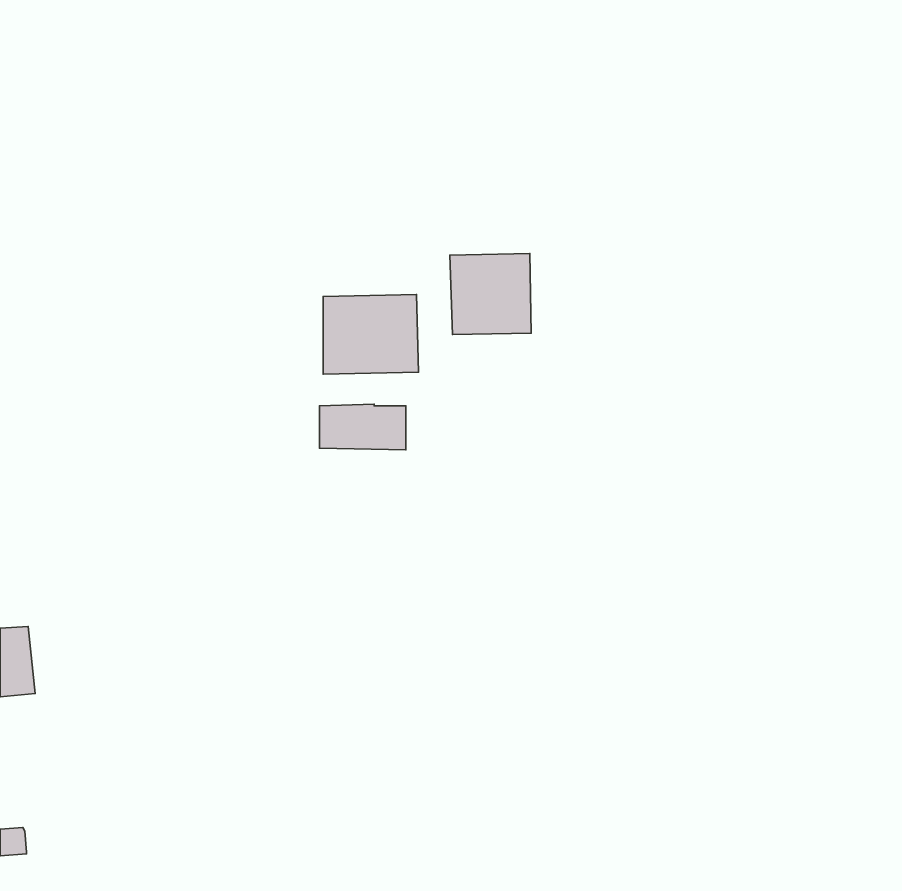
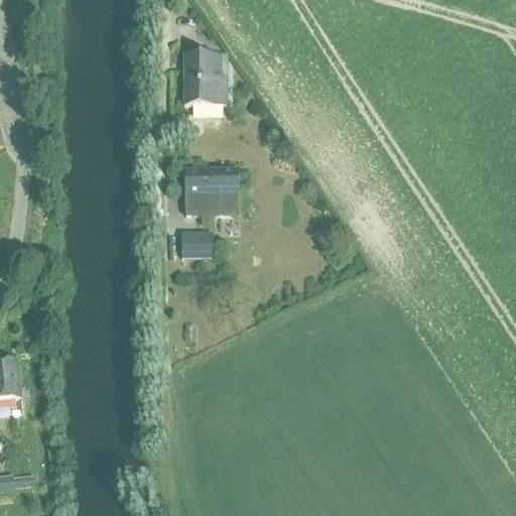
building: none -> [184,52,228,104]
building: [450,254,531,335] -> none

